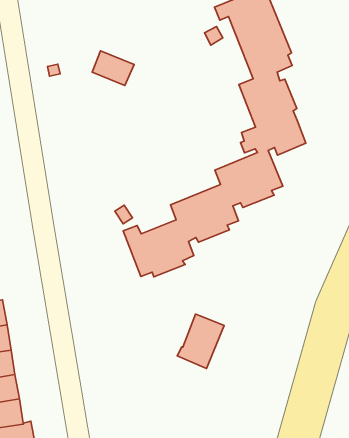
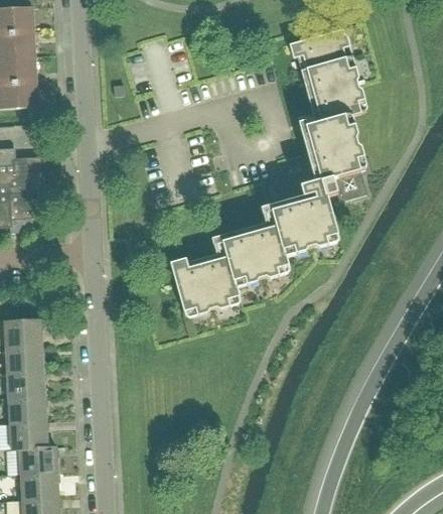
building: [92,51,134,85] -> none
building: [177,314,224,369] -> none

